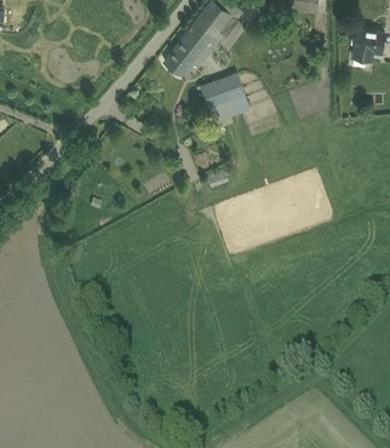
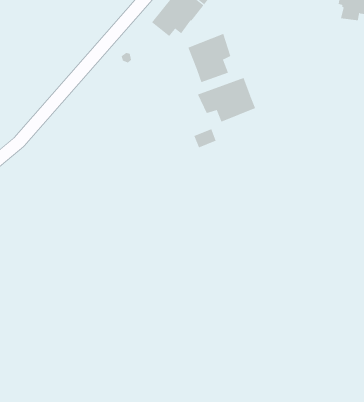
building: none -> [197,77,256,123]

